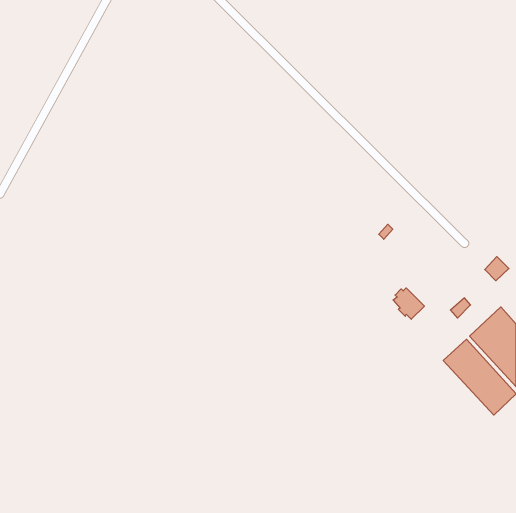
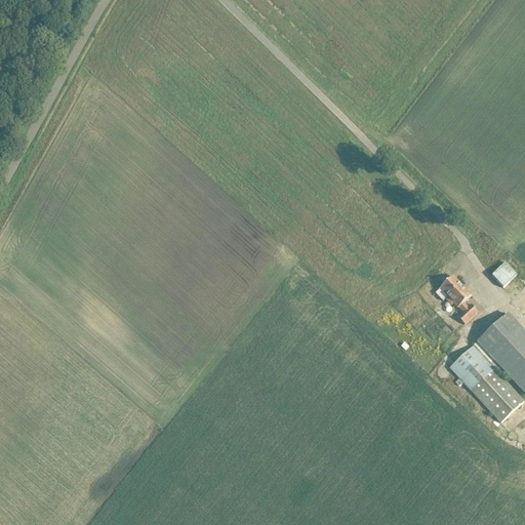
building: [393,288,424,319] -> [440,275,472,307]

